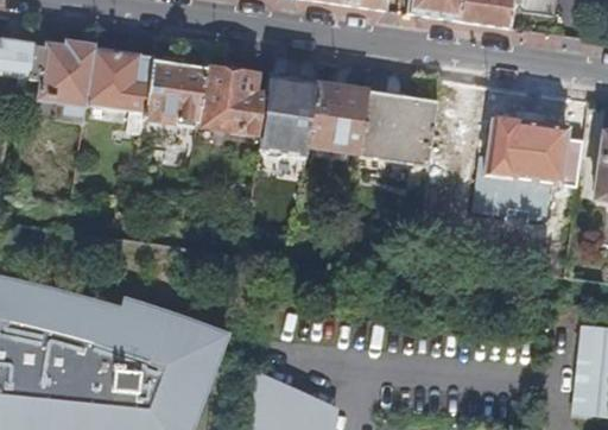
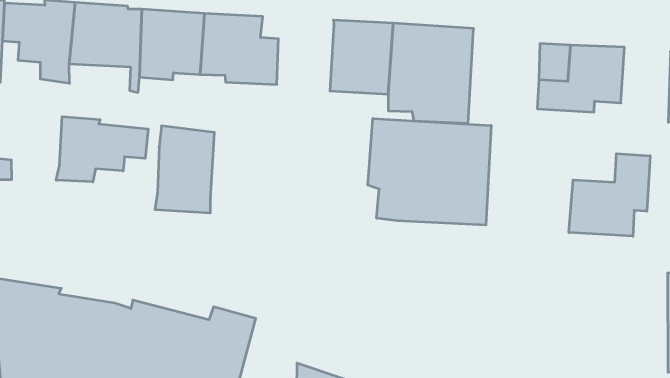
building: [259,77,316,156] -> [155,126,214,213]
building: none -> [56,117,148,182]
building: none -> [368,118,491,225]
building: none -> [569,154,650,236]

